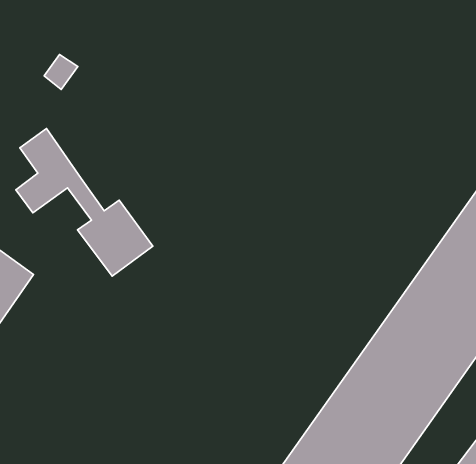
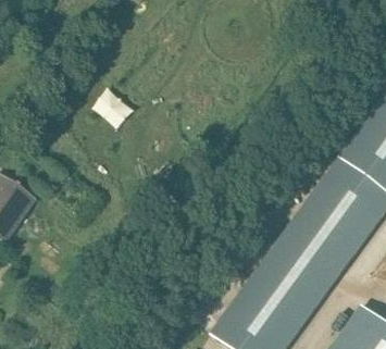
building: [16,129,153,276] -> none

